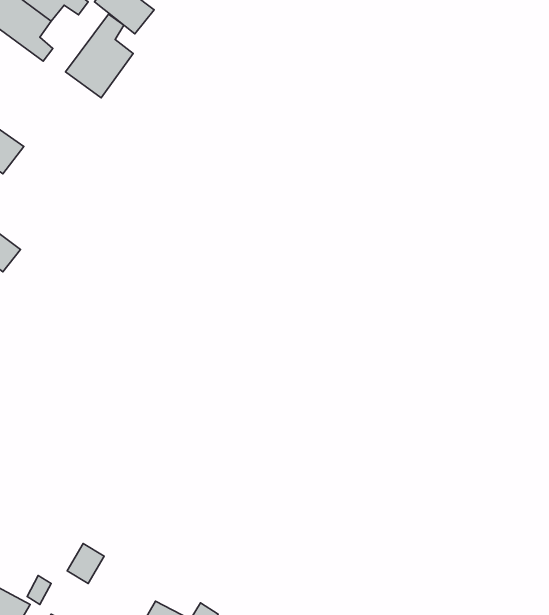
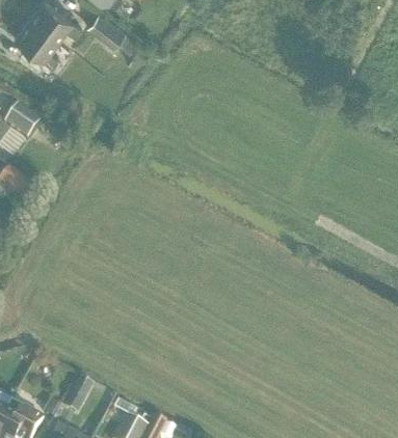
building: [66,14,133,98] -> none

